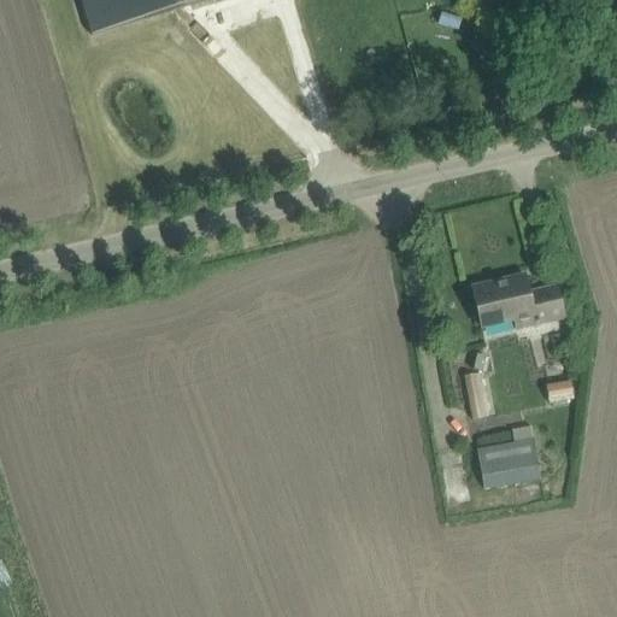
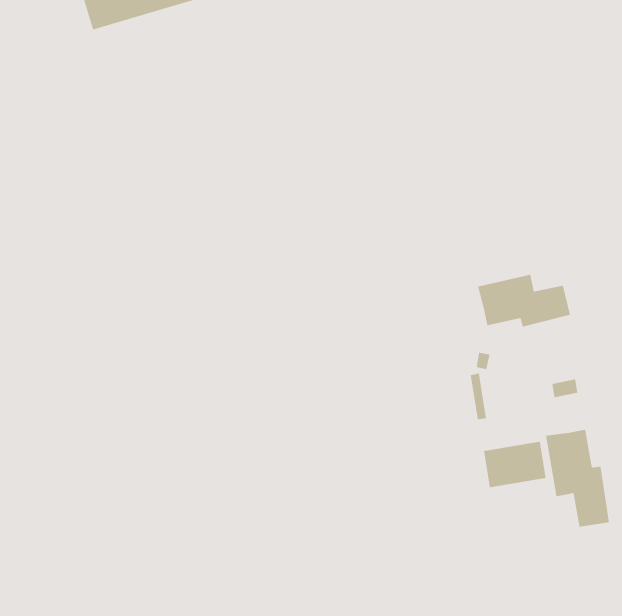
building: none -> [545,429,610,527]

